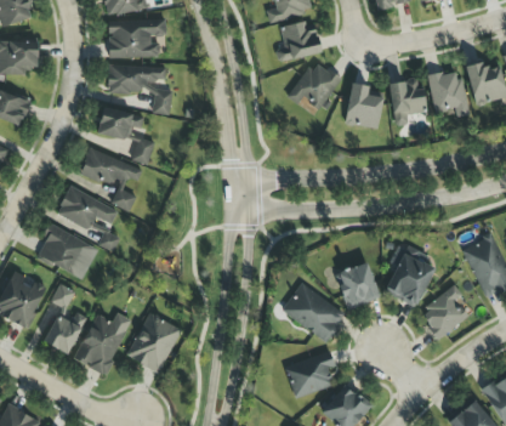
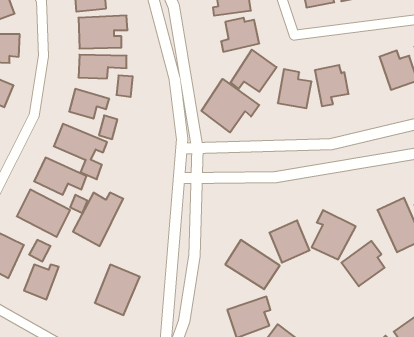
building: [427,70,467,117] -> none
building: none -> [201,79,259,132]
building: [73,313,132,376] -> [73,193,123,246]

